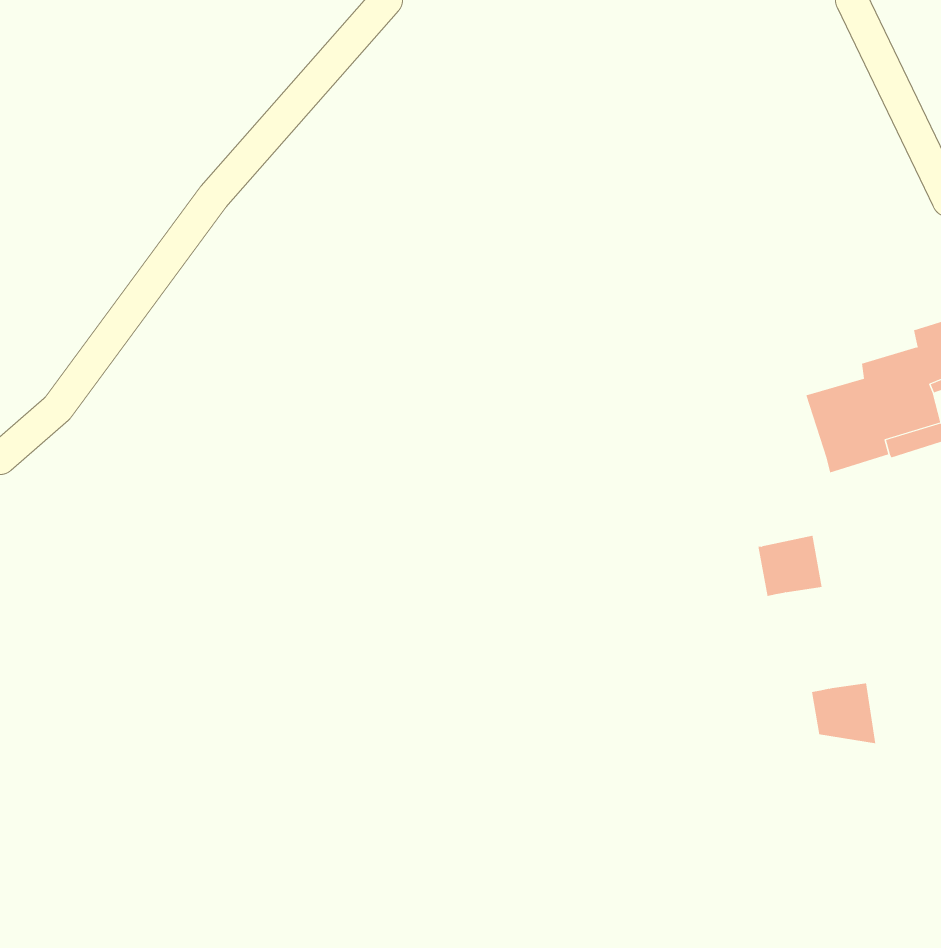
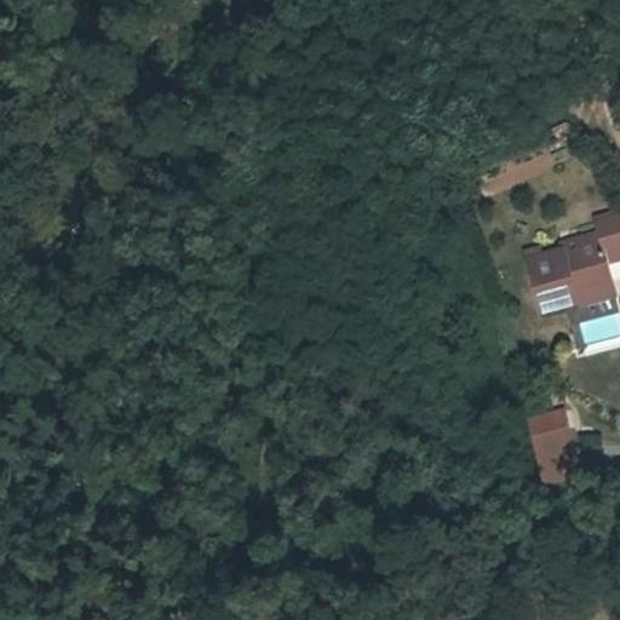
building: [757,535,822,596] -> [528,412,570,452]

